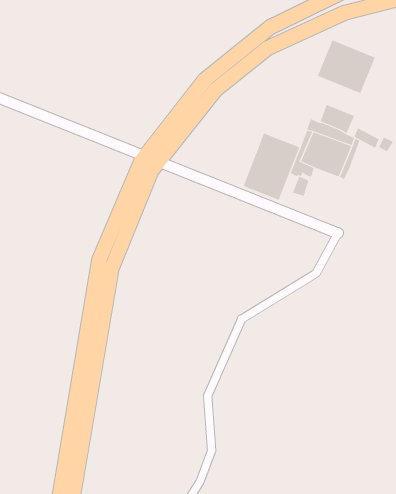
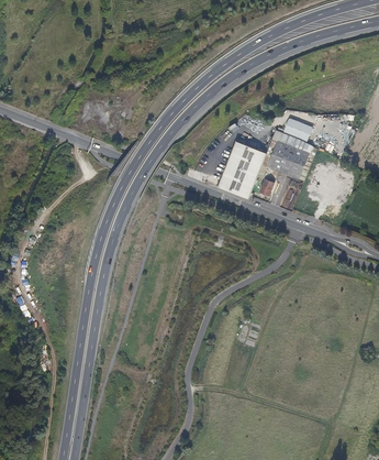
building: [317,39,375,94] -> none

